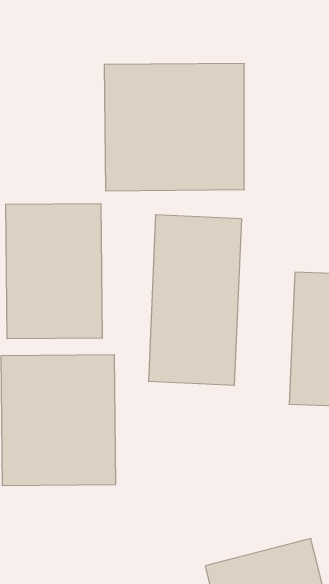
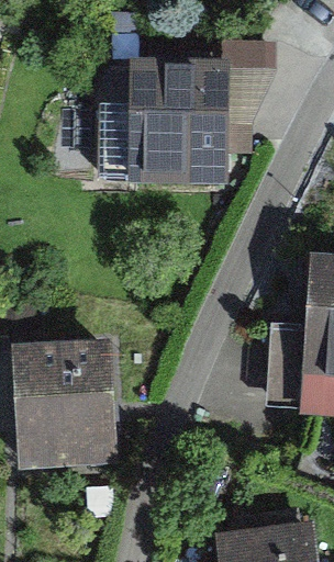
building: [6,204,102,339] -> none
building: [149,215,241,386] -> none

